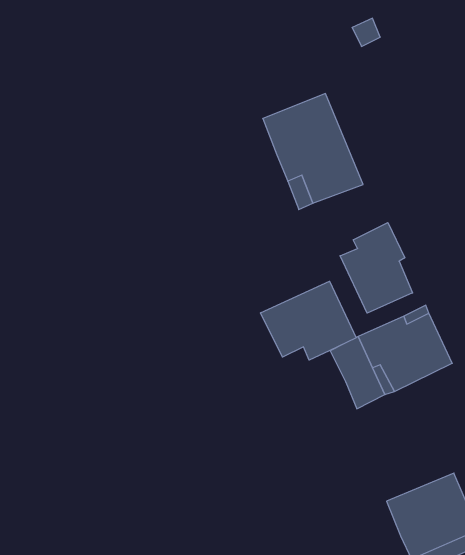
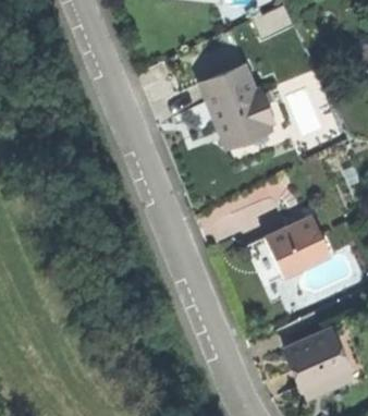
building: [340,223,413,313] -> none
building: [261,281,356,360] -> none

